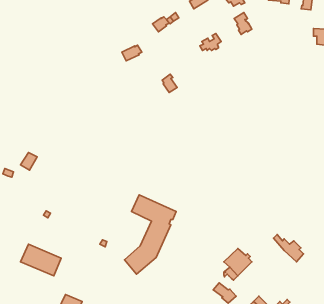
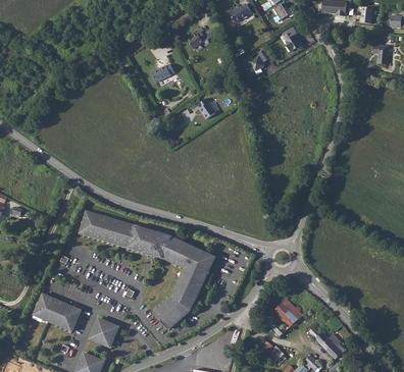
building: none -> [80,211,171,256]
building: [274,235,303,262] -> [309,326,344,358]
building: none -> [92,317,120,346]

